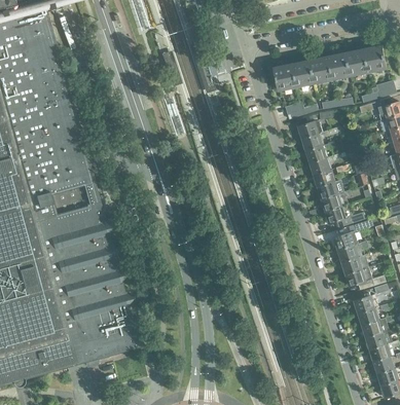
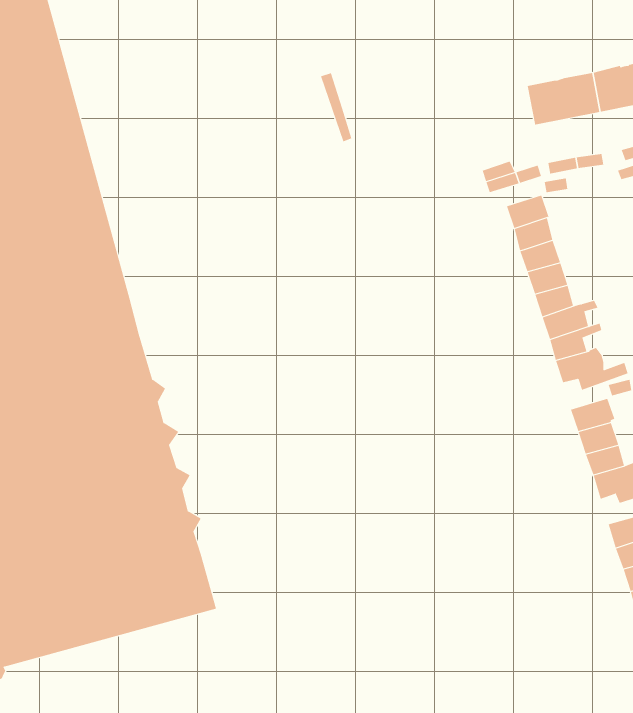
building: [274,61,314,89] -> none

